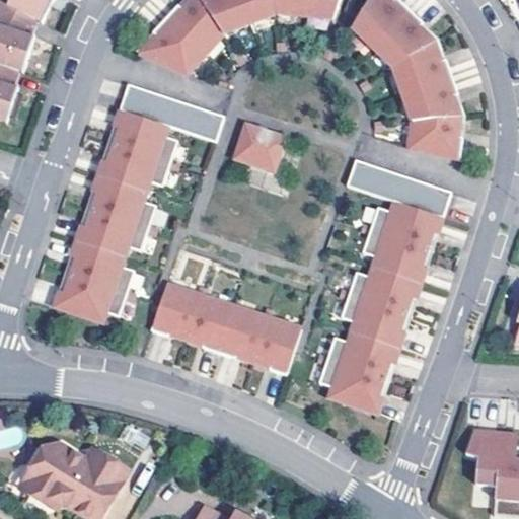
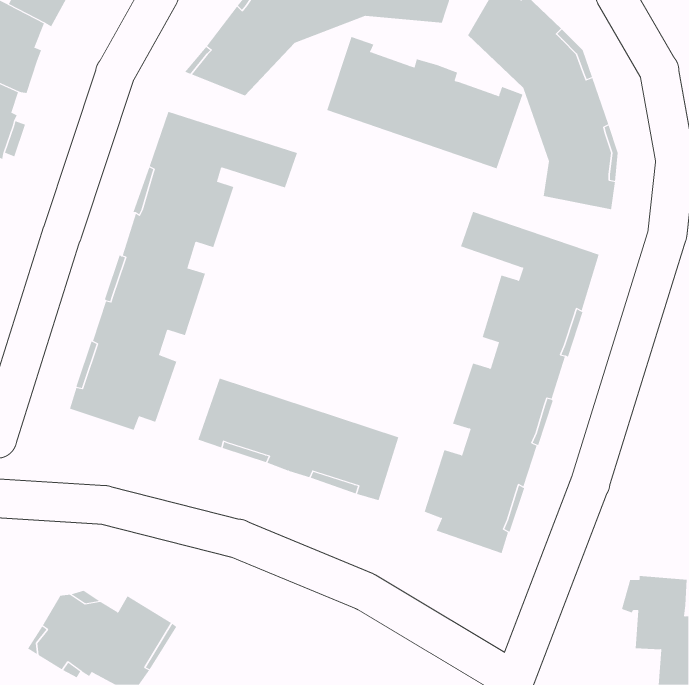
building: none -> [326,36,523,169]
building: [234,124,282,169] -> none

